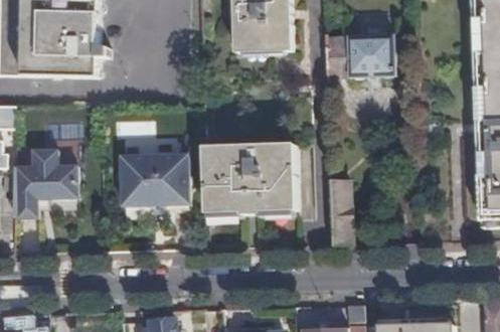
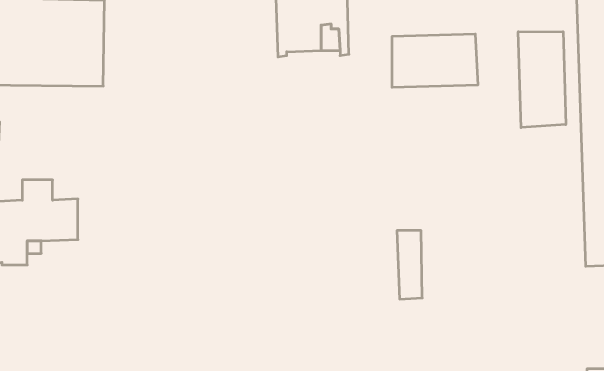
building: none -> [518,32,566,128]
building: [204,144,298,214] -> none
building: [121,153,190,204] -> none

